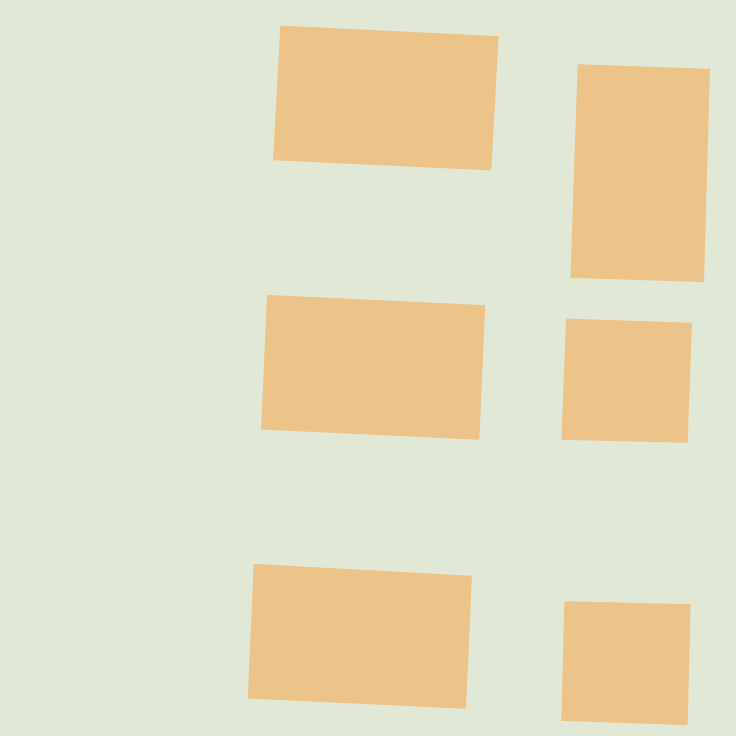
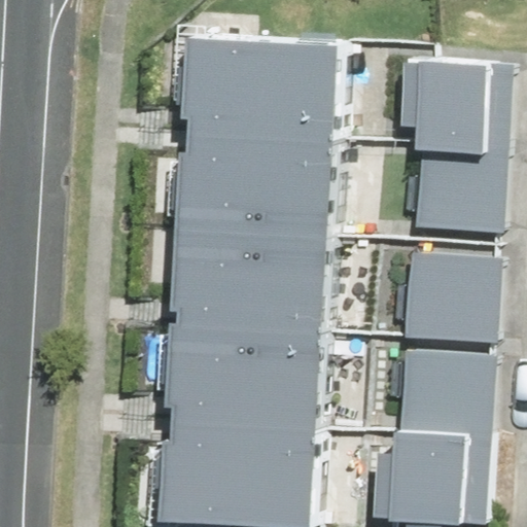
building: none -> [184,128,341,227]
building: none -> [175,314,332,415]
building: none -> [383,333,475,420]

